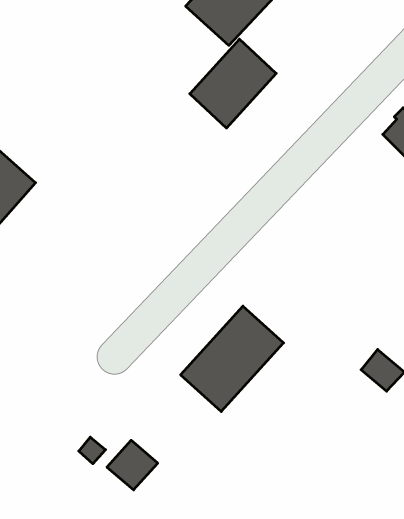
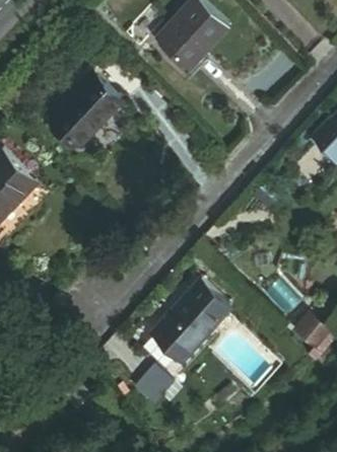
building: [190,39,276,128] -> [54,73,123,144]
building: [107,440,158,490] -> [135,364,176,403]

